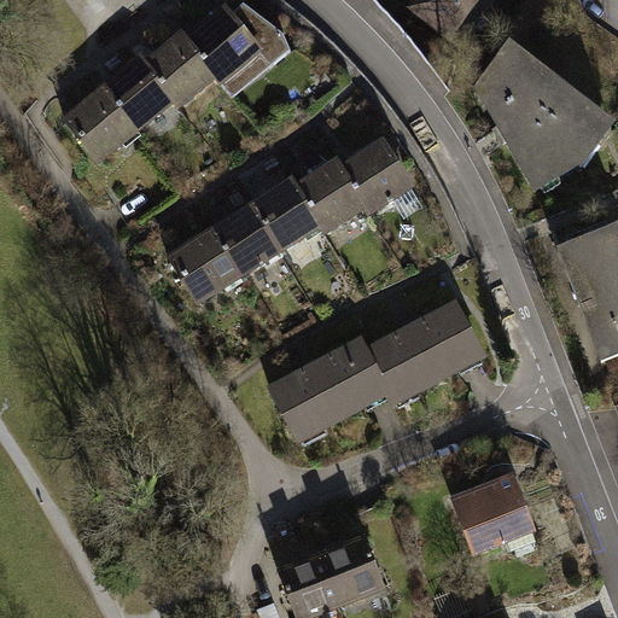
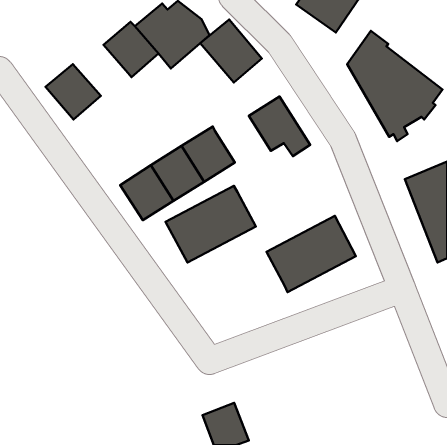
building: none -> [200,19,262,83]
building: [100,56,176,132] -> none
building: [296,152,369,228] -> none
building: [268,338,392,443] -> [166,186,256,262]
building: [454,483,532,552] -> none
building: [322,537,386,606] -> none

